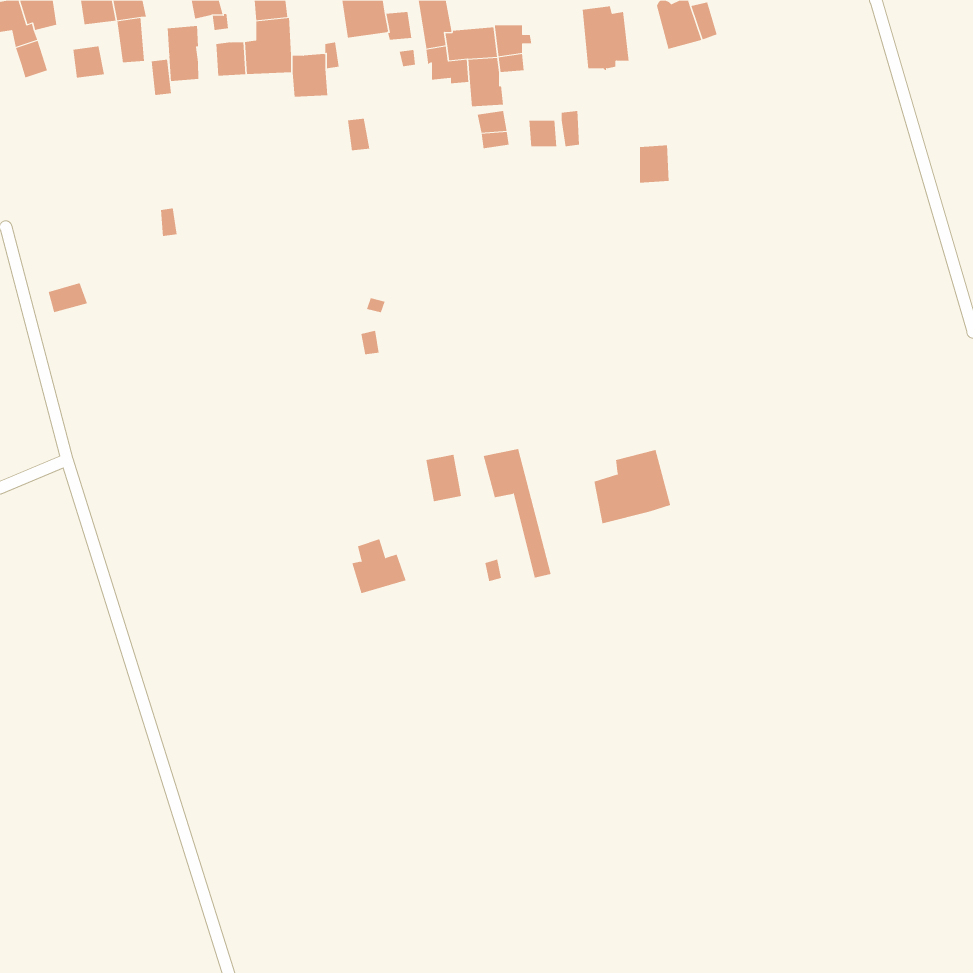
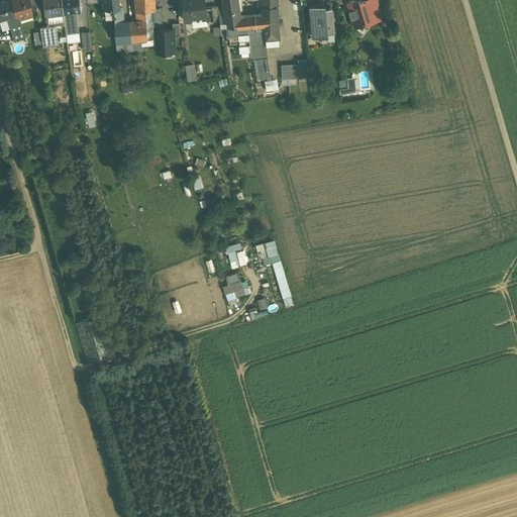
building: [167,25,199,82] -> none
building: [594,449,671,524] -> none
building: [351,538,407,594] -> [221,272,250,301]

